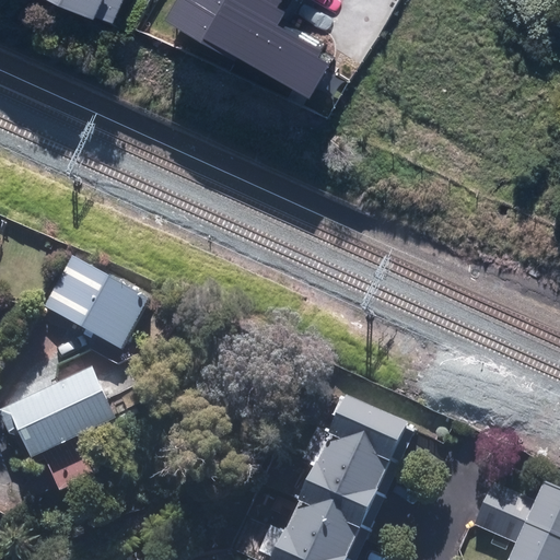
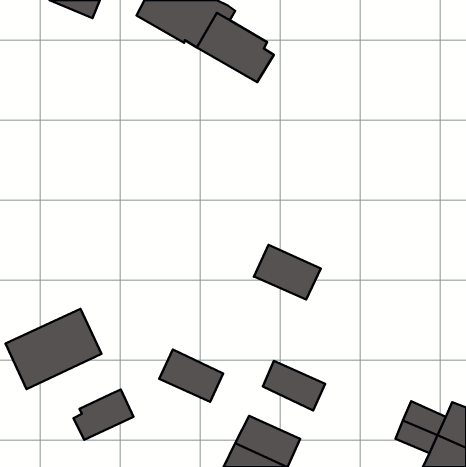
building: [50,259,156,350] -> none
building: [326,394,406,459] -> [254,245,321,300]
building: [298,463,374,525] -> [159,350,223,402]
building: none -> [74,389,134,440]

